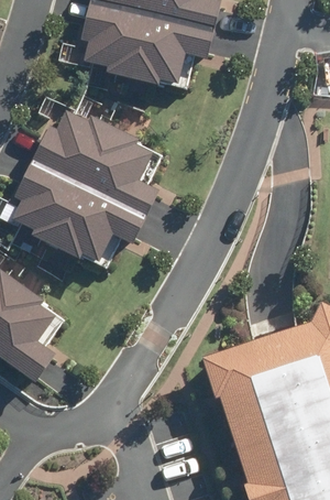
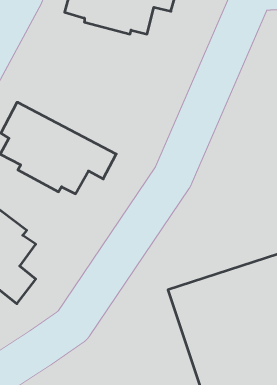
building: [34,107,157,216] -> none

